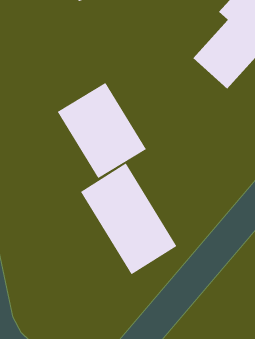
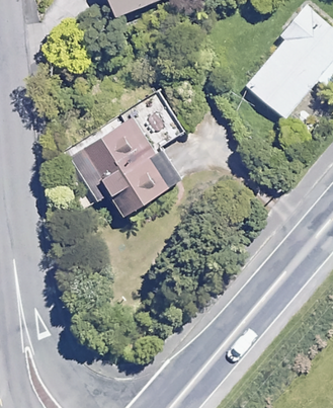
building: [80,163,177,275] -> none

